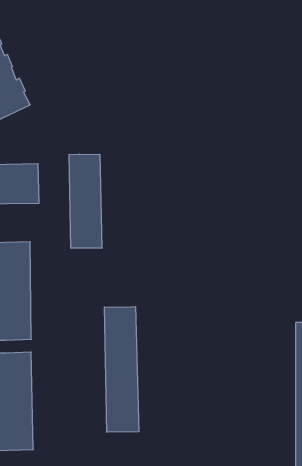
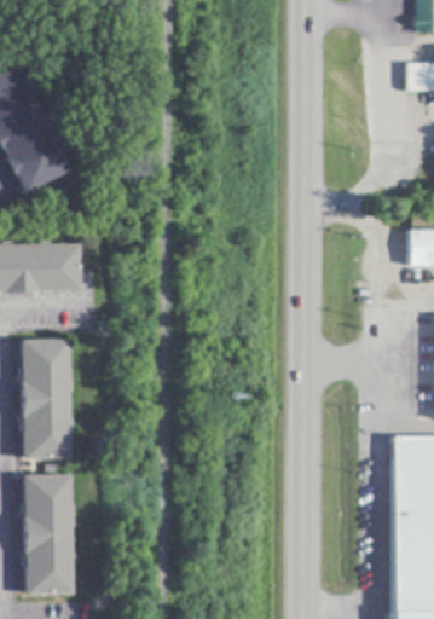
building: [69,154,102,248] -> none
building: [104,307,139,432] -> none

